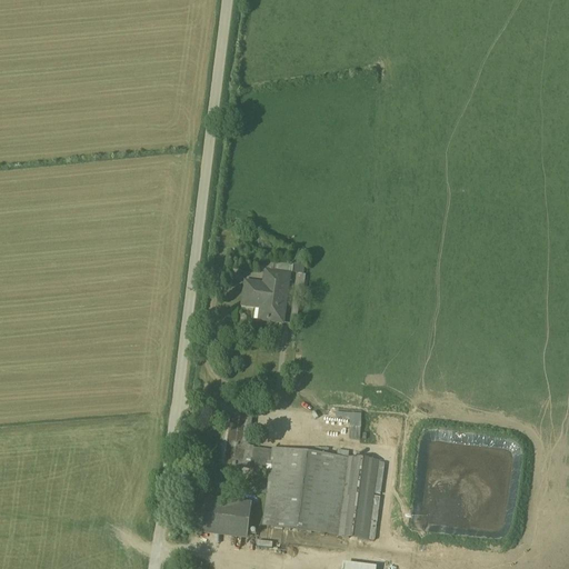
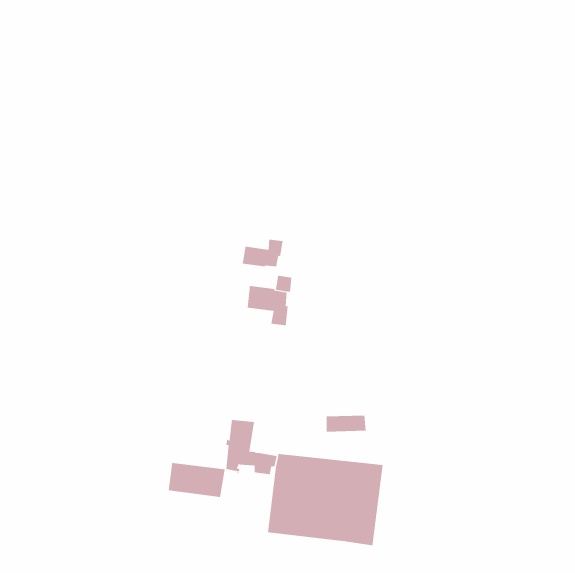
building: none -> [242,239,283,267]
building: [197,496,253,530] -> [168,462,225,497]

